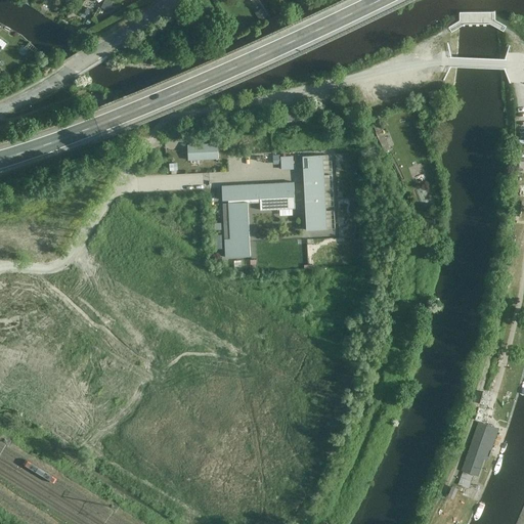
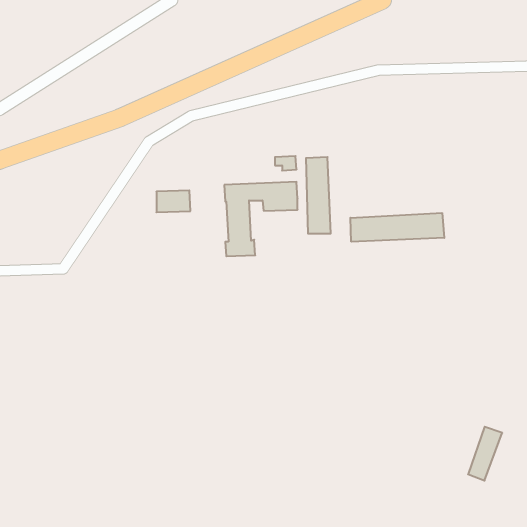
building: [185,142,219,164] -> [156,190,190,212]
building: none -> [350,213,444,242]

